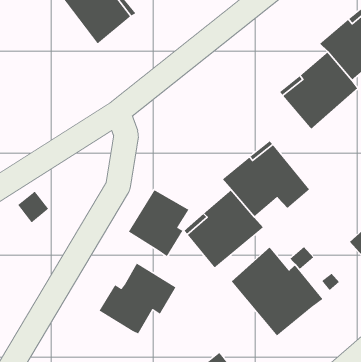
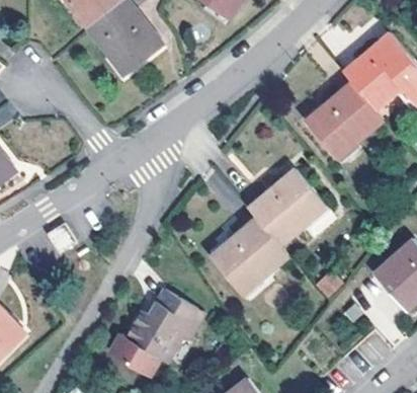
building: [128,189,189,257] -> none
building: [231,247,324,336] -> none
building: none -> [109,334,160,376]

